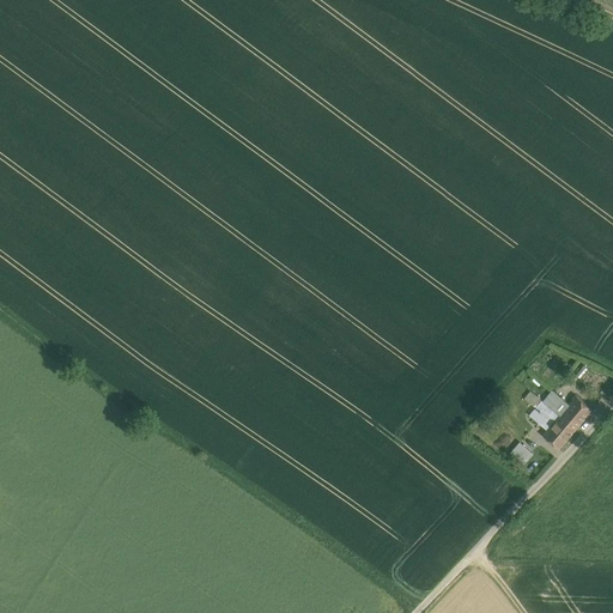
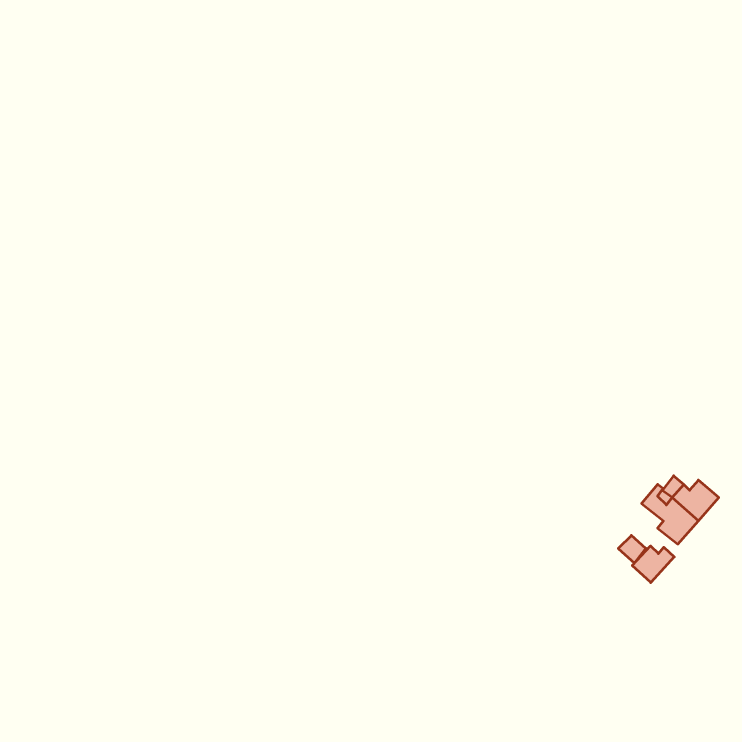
building: none -> [632,546,674,583]

